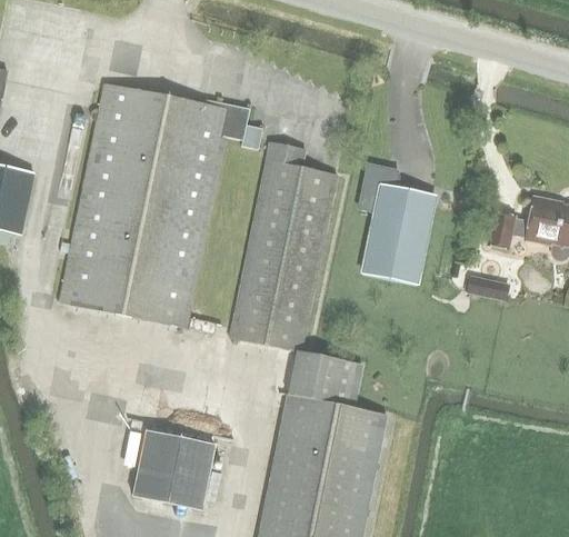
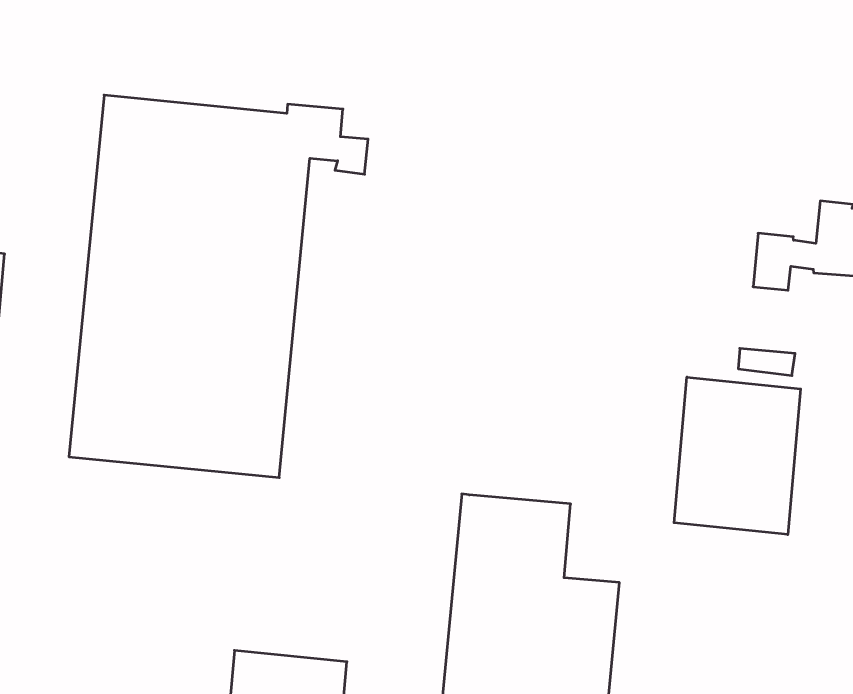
building: [230,141,338,350] -> none
building: [359,163,436,284] -> none
building: none -> [674,377,801,535]

